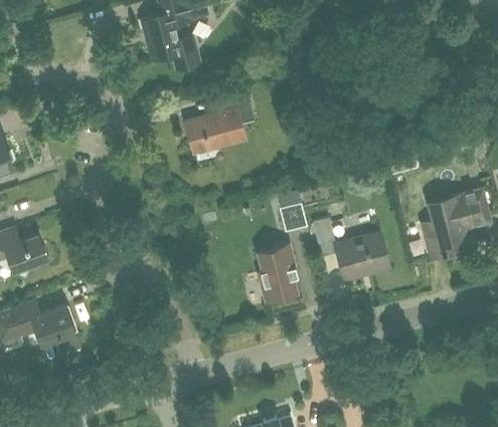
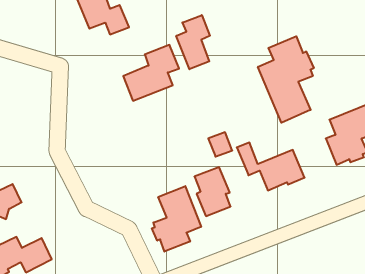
building: none -> [176,15,210,69]
building: none -> [258,36,314,123]
building: none -> [152,186,201,252]

